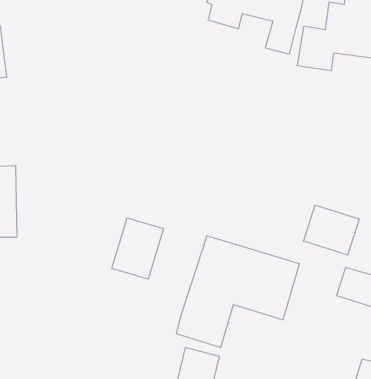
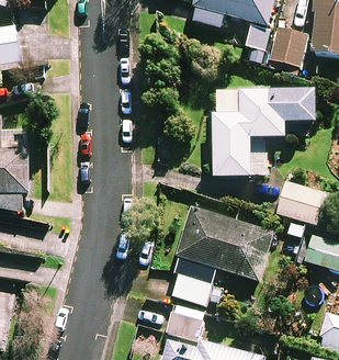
building: none -> [212,88,315,175]
building: [112,218,164,279] -> none

